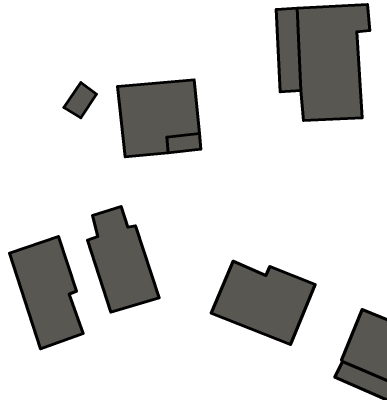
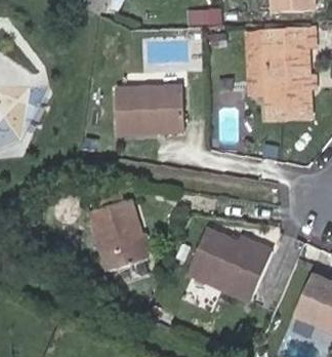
building: [10,236,83,349] -> none

